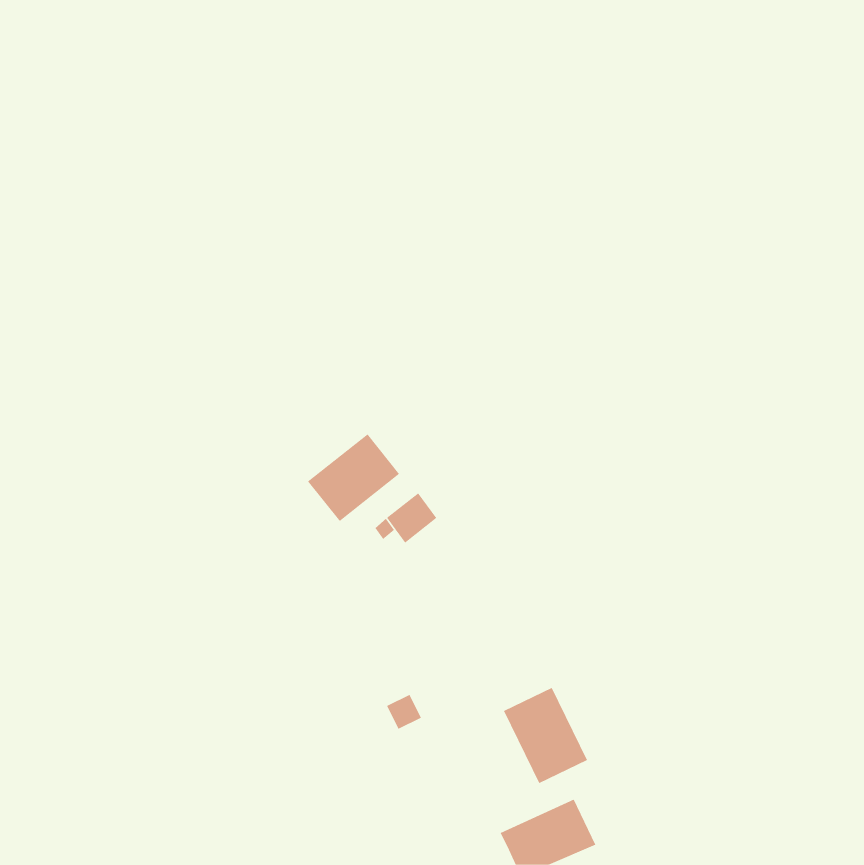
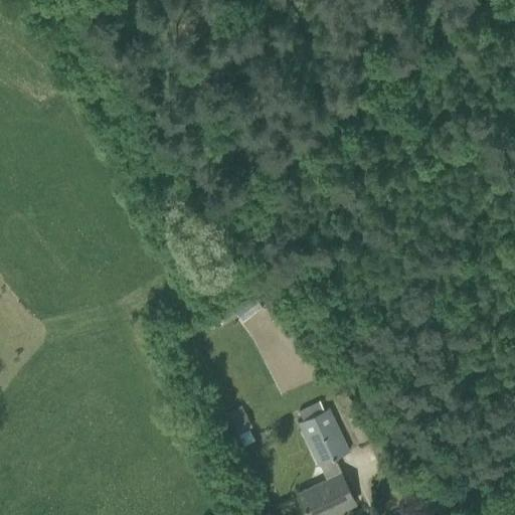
building: [307,434,400,522] -> none

